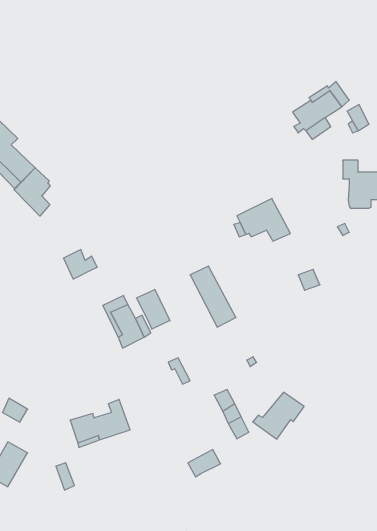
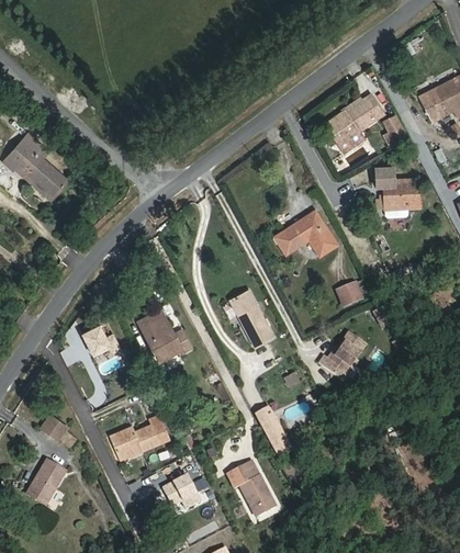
building: [14,168,50,216] -> none
building: [63,250,97,279] -> [81,325,115,354]
building: [137,289,170,329] -> none
building: [253,392,304,439] -> [317,332,369,380]
building: none -> [160,472,199,505]
building: none -> [238,477,272,516]

